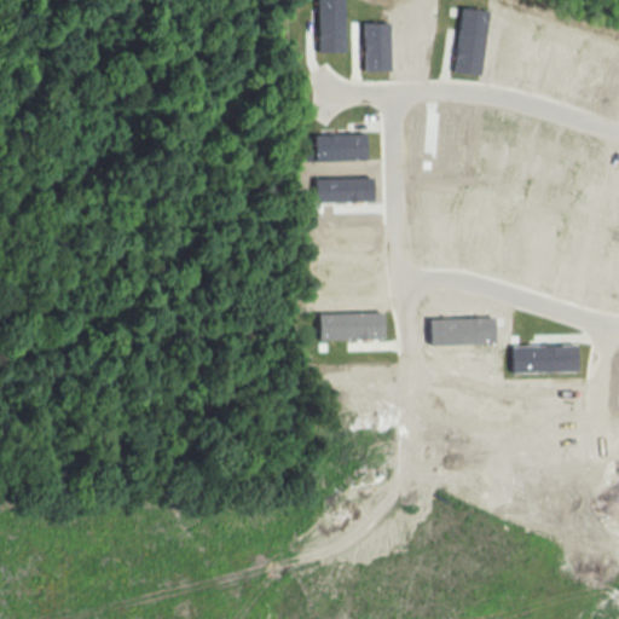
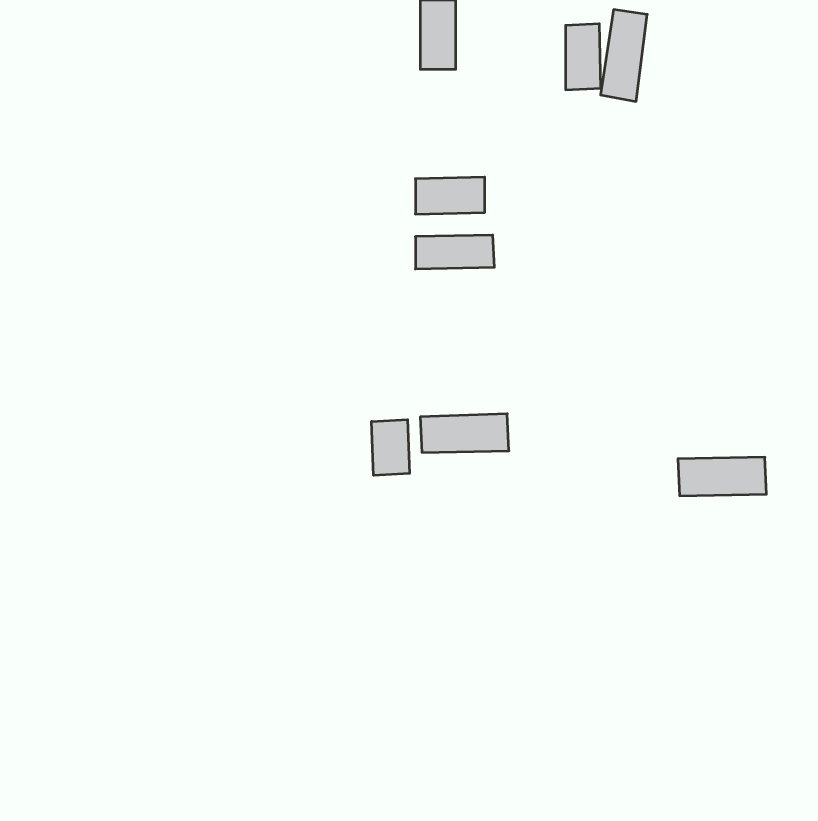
building: [365,23,392,73] -> [566,24,601,90]
building: none -> [372,420,410,475]
building: [430,318,496,346] -> none

